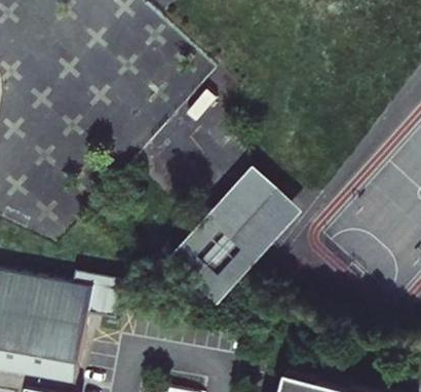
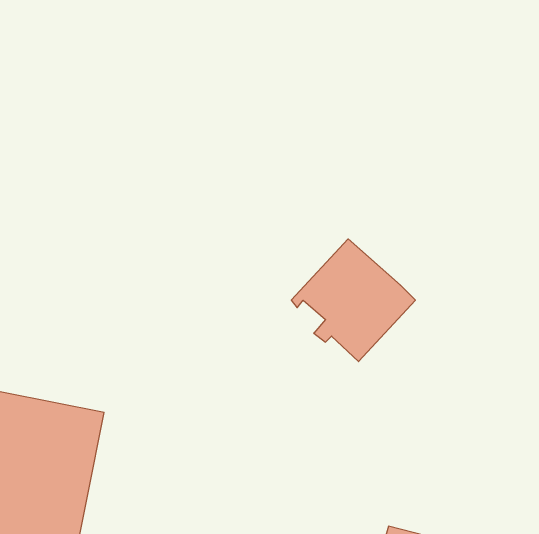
building: [175,213,263,302] -> none

